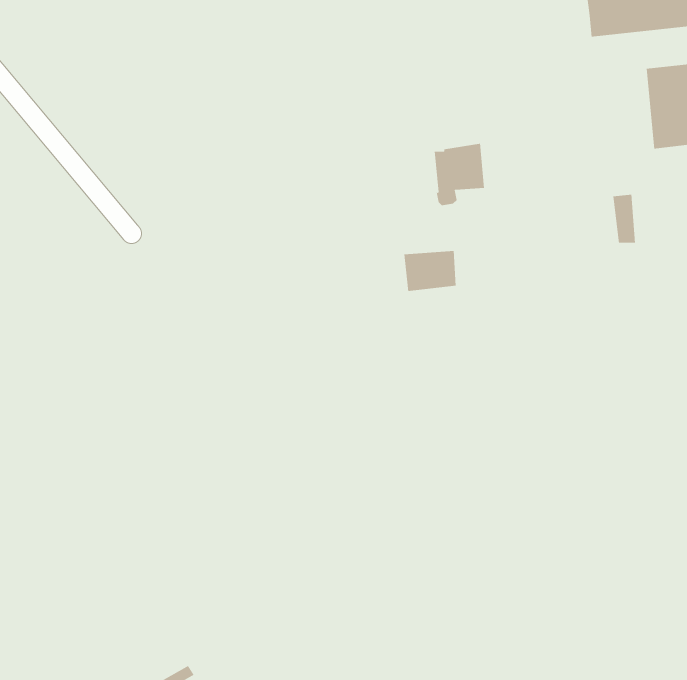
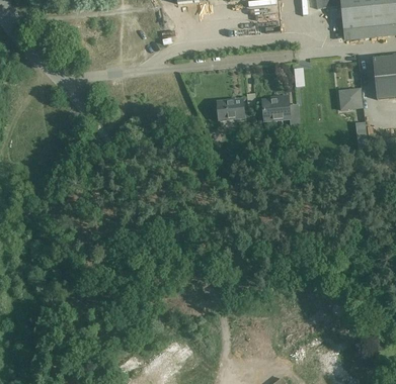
building: none -> [338,87,363,110]
building: [404,250,457,292] -> [217,99,244,120]

